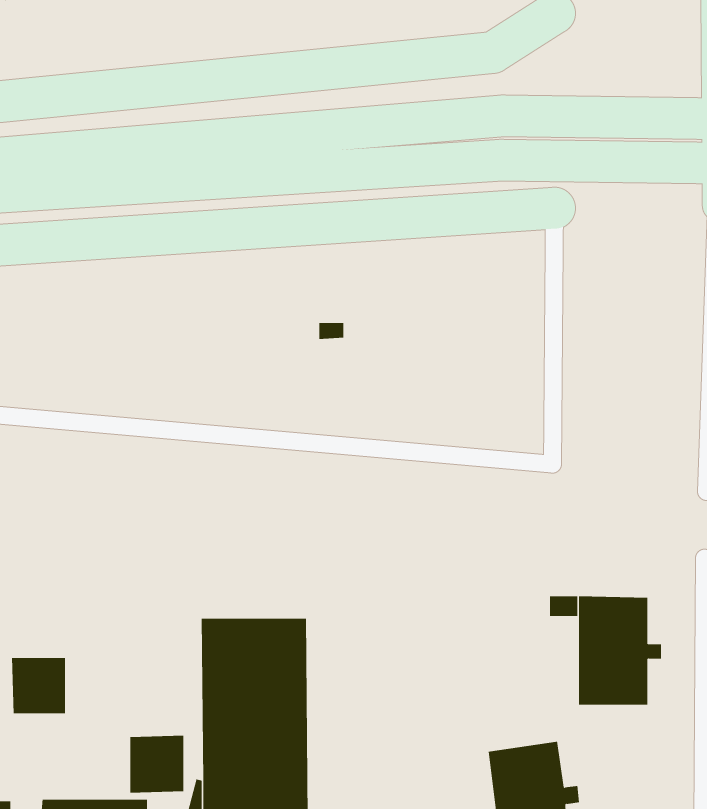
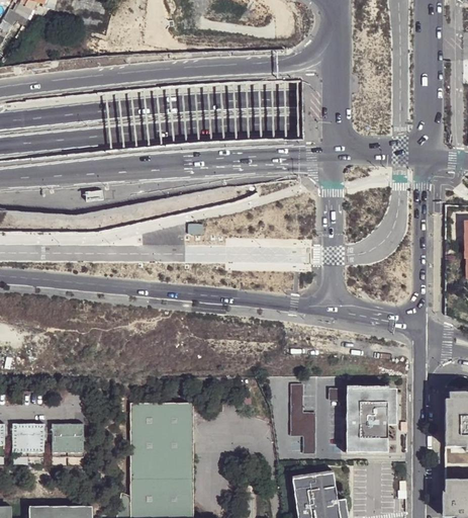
building: none -> [292,383,316,452]
building: [130,735,184,793] -> [52,422,84,456]

